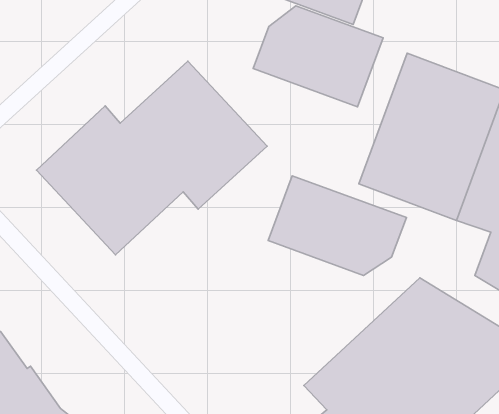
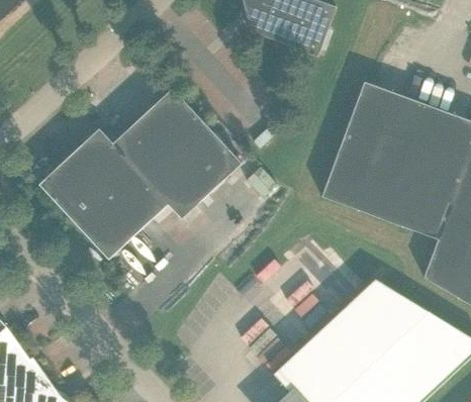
building: [253,6,383,107] -> none
building: [268,176,406,276] -> none

